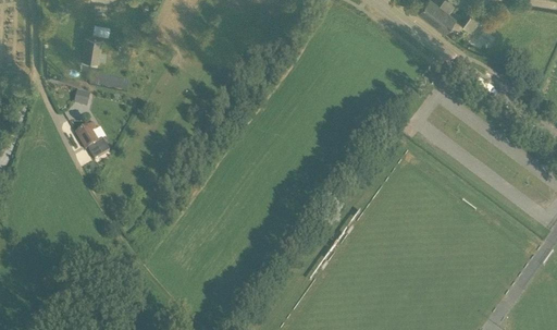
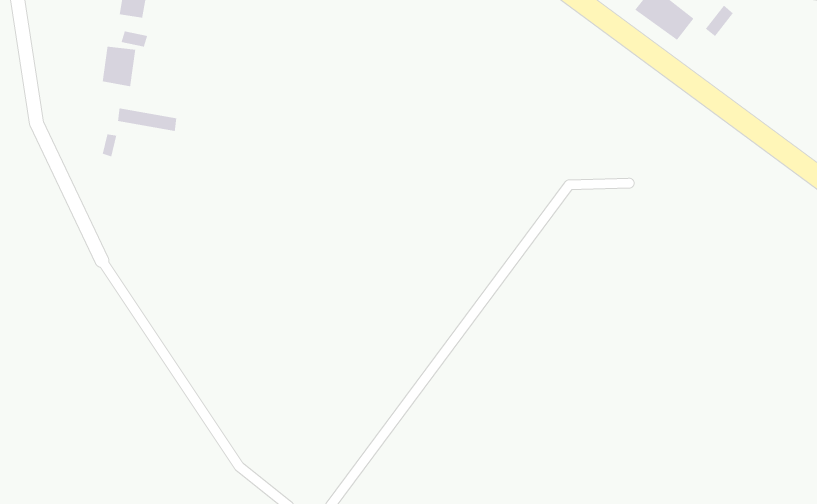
building: [74,119,106,151] -> none

